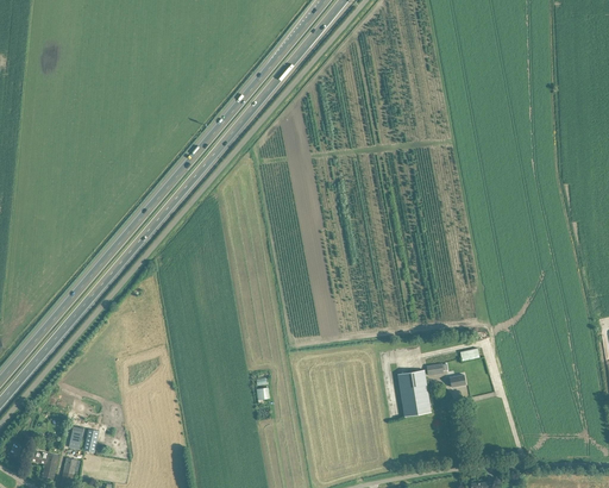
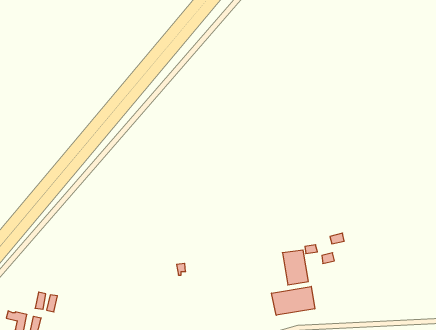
building: none -> [272,286,315,315]

